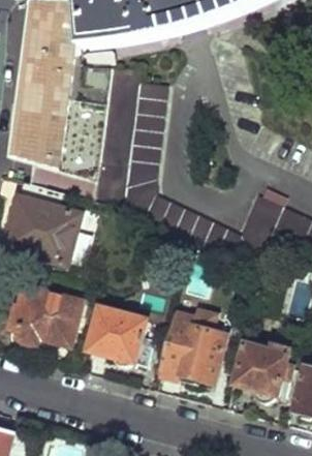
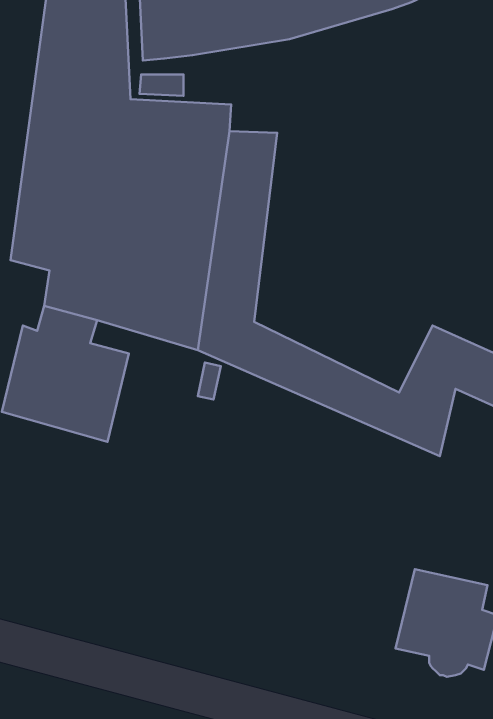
building: [17,282,80,342] -> none
building: [85,305,149,364] -> none
building: [156,306,223,382] -> none

